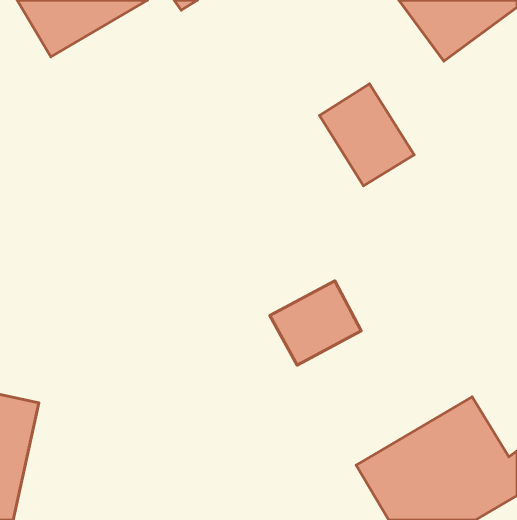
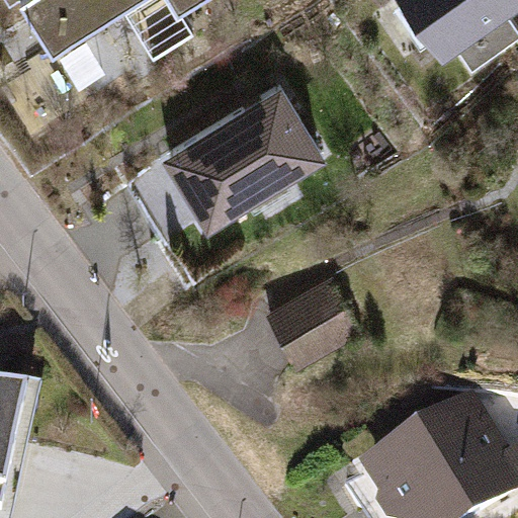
building: none -> [157,83,322,231]
building: [320,84,414,186] -> none

